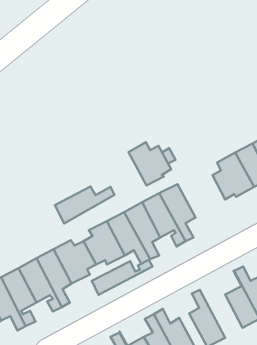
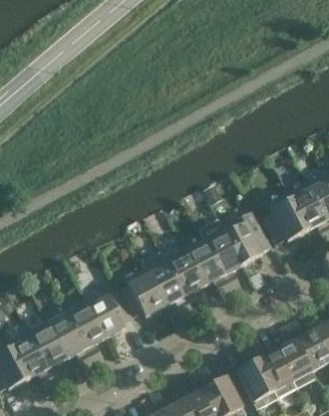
building: [129,142,171,186] -> [224,217,271,265]
building: [55,187,115,223] -> none
building: [92,260,153,295] -> none
building: none -> [249,340,296,399]

